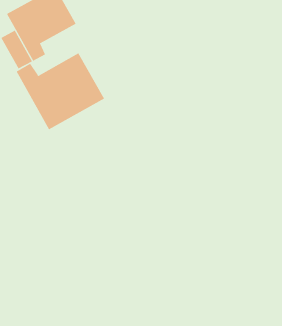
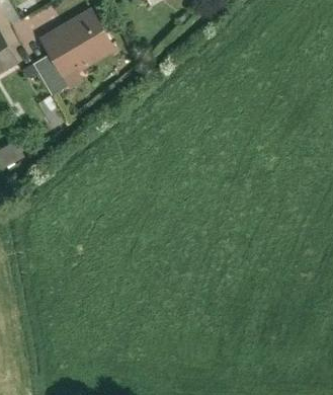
building: [16,52,105,130] -> none

